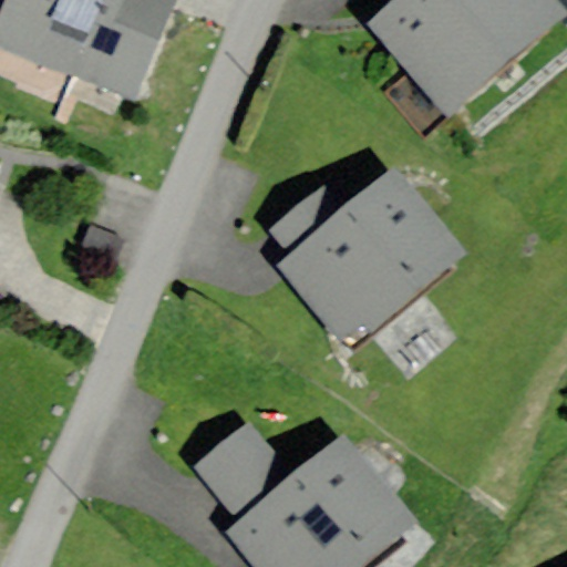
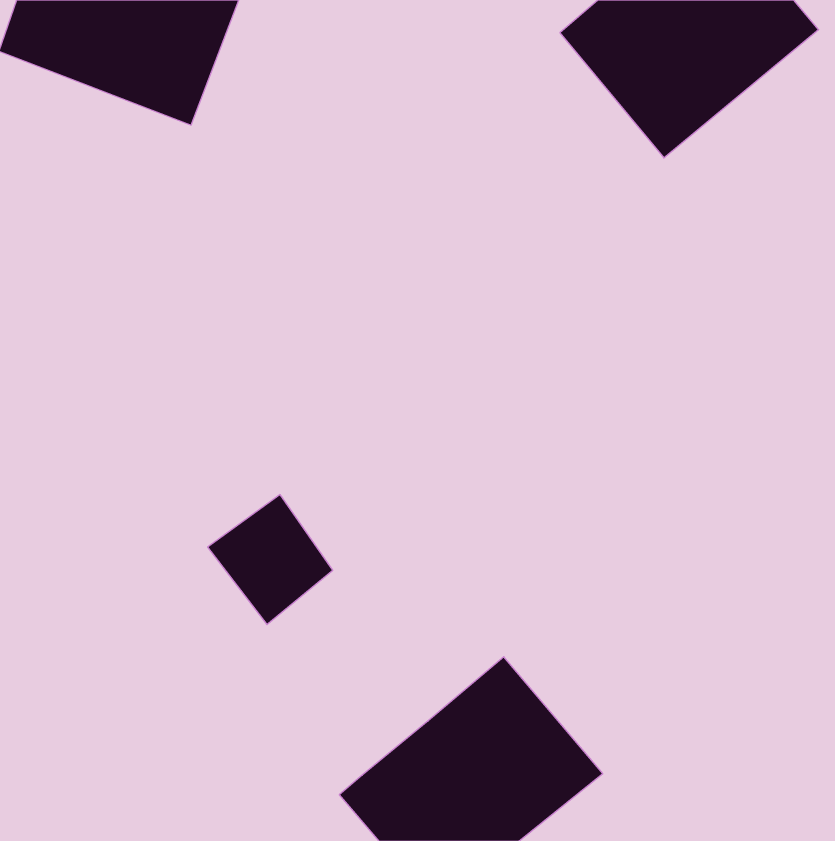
building: [281,177,449,334] -> none
building: [204,434,288,522] -> [208,495,333,625]

